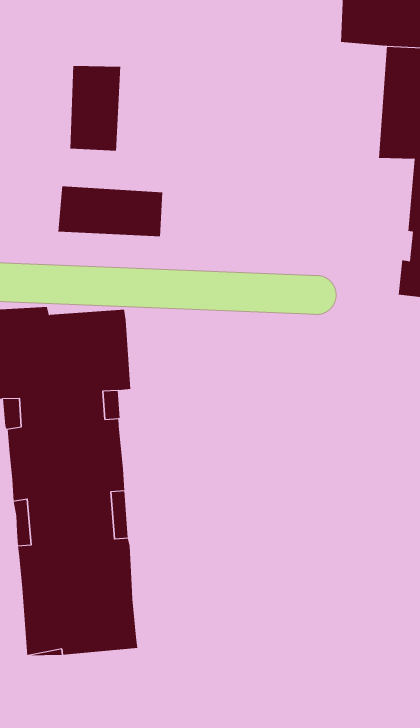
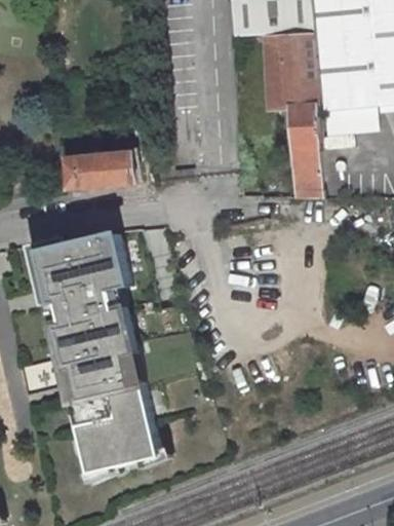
building: [70,65,121,152] -> none

